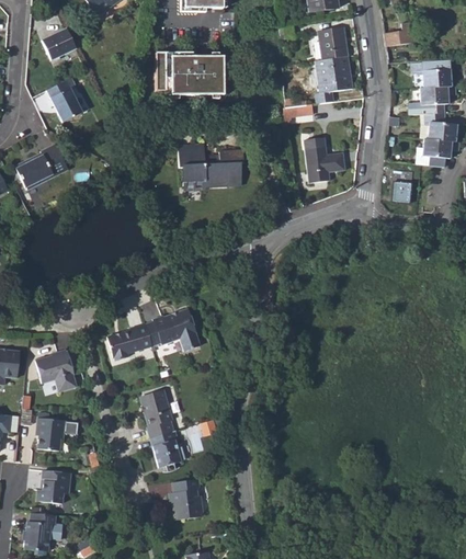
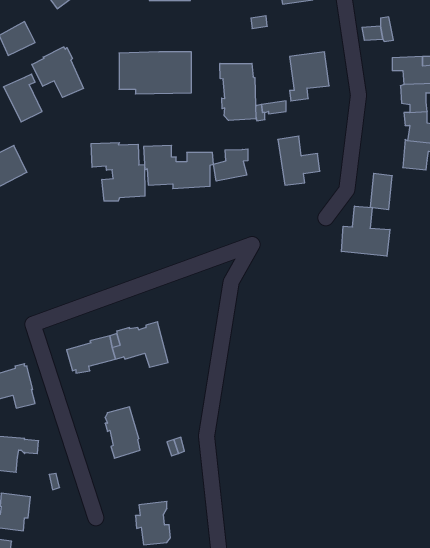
building: [318,27,348,59] -> none
building: none -> [32,47,84,97]
building: none -> [220,63,256,120]
building: none -> [91,143,145,201]
building: none -> [214,149,248,181]
building: none -> [341,206,390,256]
building: [154,429,186,471] -> none

